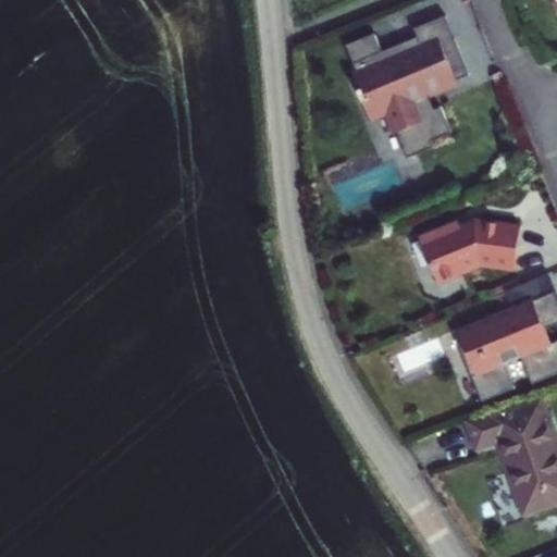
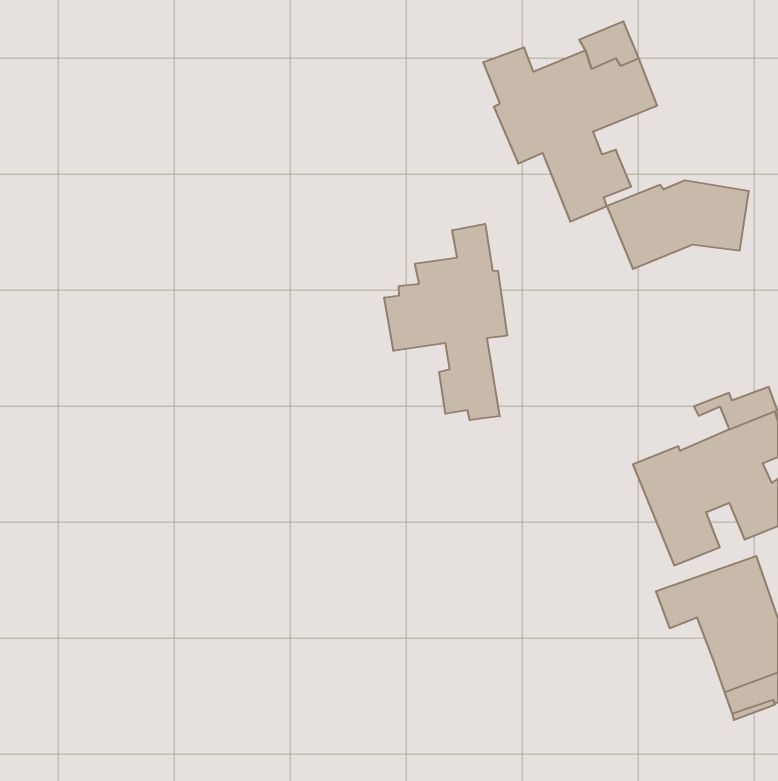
building: none -> [384,224,507,420]
building: [418,221,519,284] -> [607,180,749,269]

